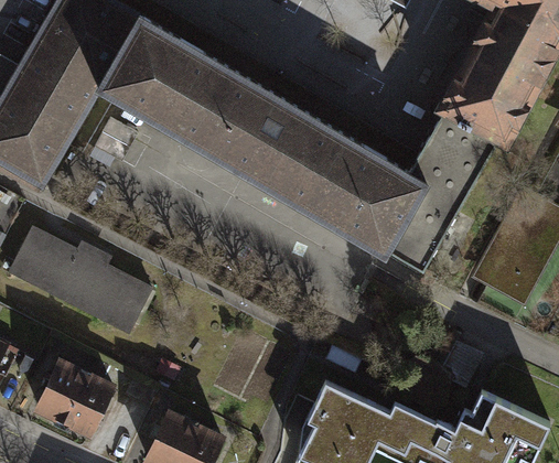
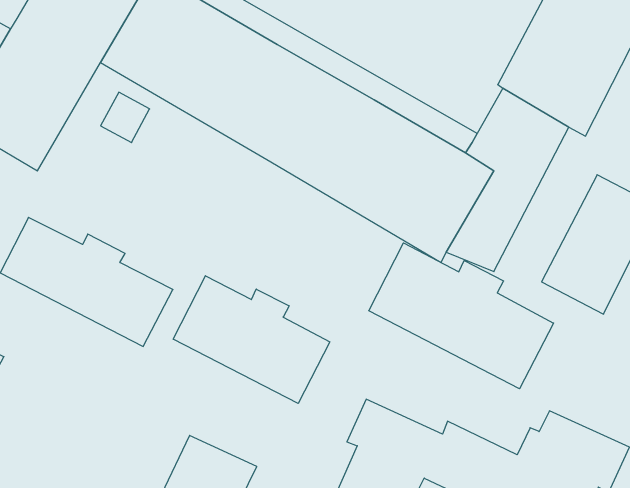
building: none -> [369,243,554,389]
building: none -> [173,276,330,403]
building: [33,363,116,443] -> none

